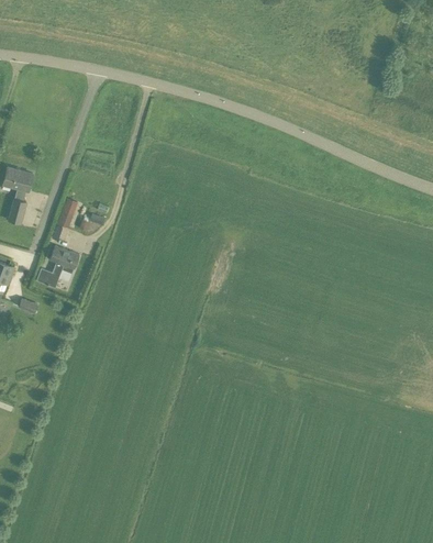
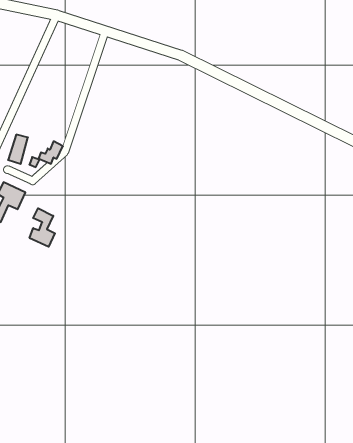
building: none -> [30,208,55,247]

